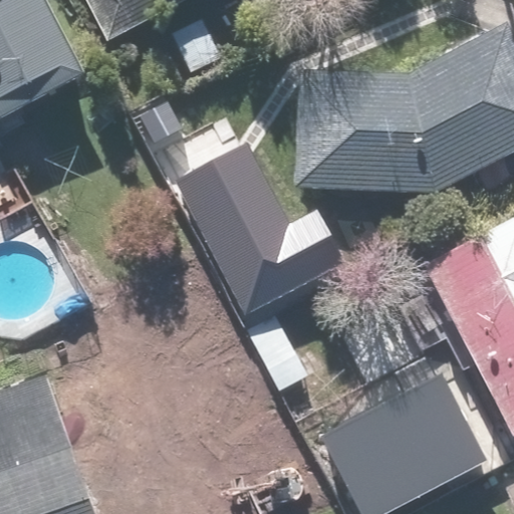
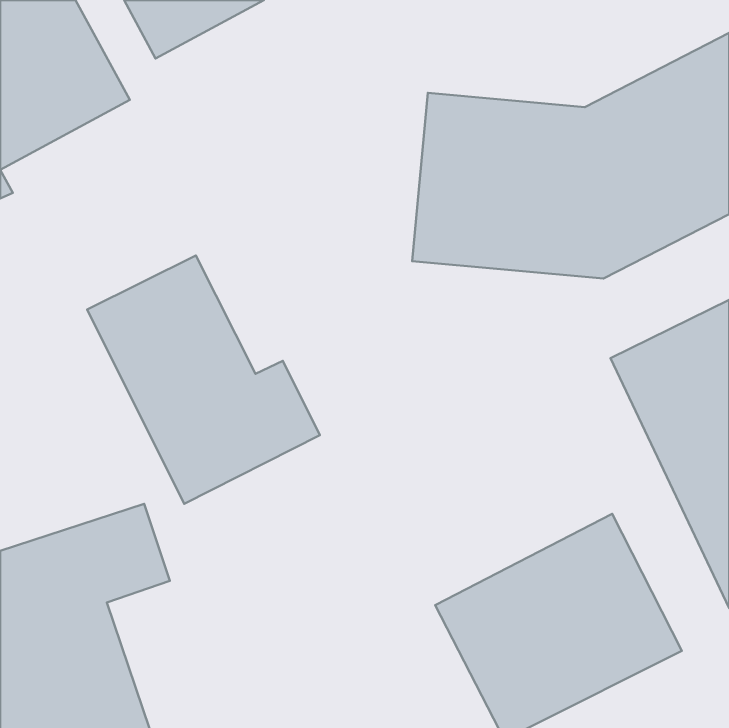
building: [174,141,337,315] -> [87,255,320,504]

